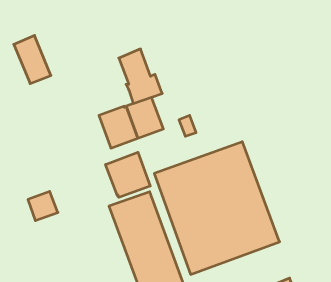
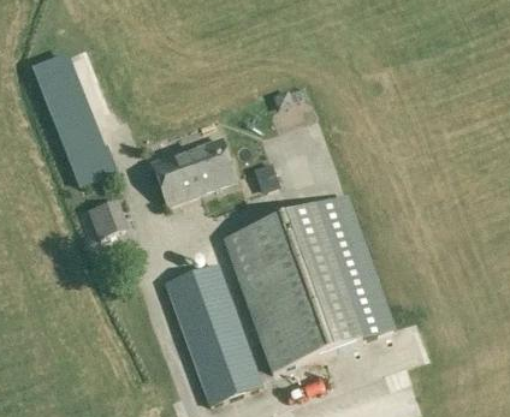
building: [119,49,162,103] -> [59,111,117,183]
building: [106,152,150,197] -> none
building: [28,191,58,221] -> [87,198,126,237]

